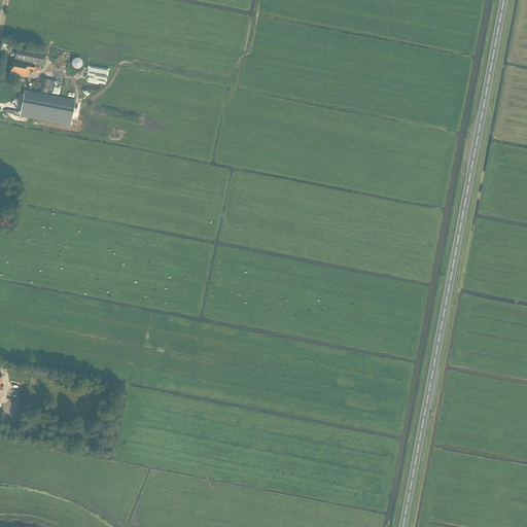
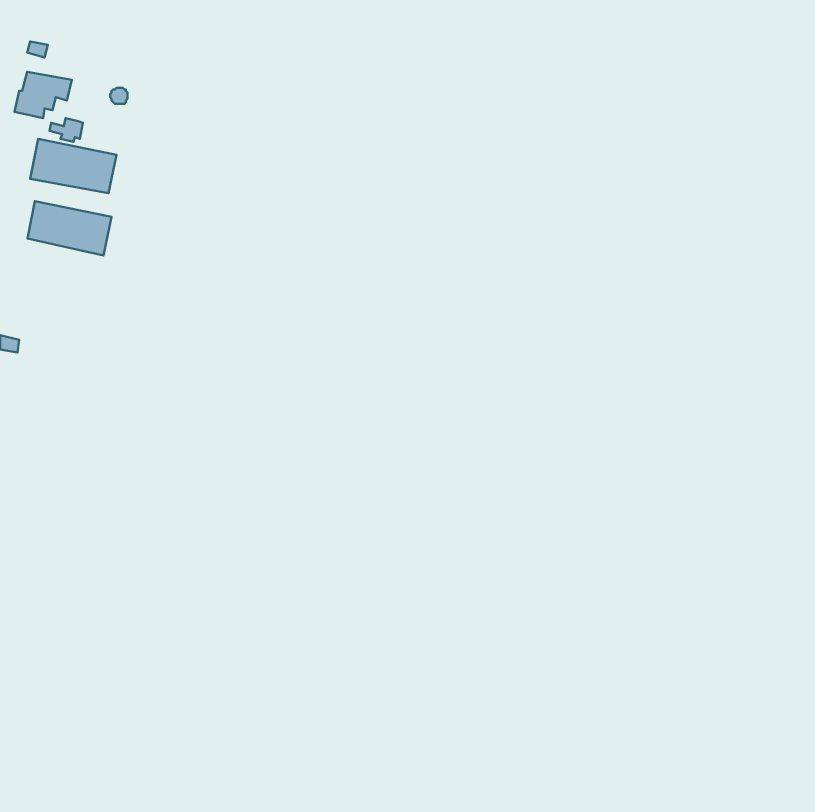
building: none -> [27,201,112,255]

